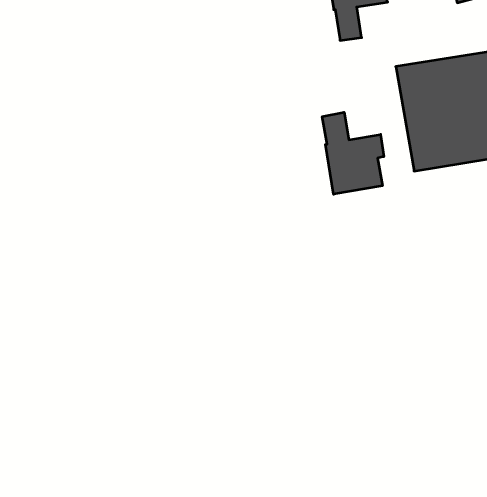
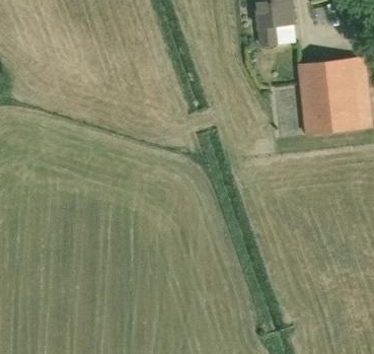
building: [322,112,384,194] -> none

